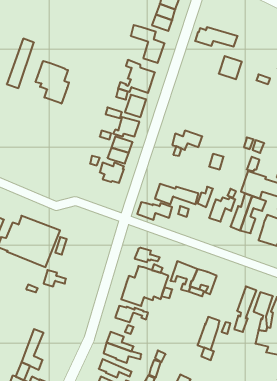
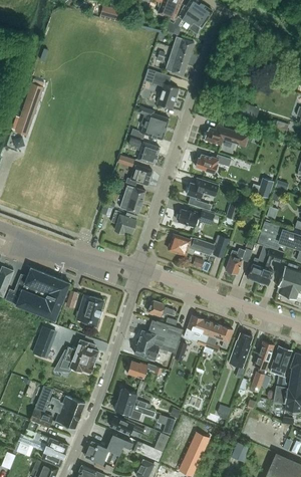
building: [195,27,238,47] -> [204,127,248,147]
building: [36,61,69,104] -> none
building: none -> [196,155,231,175]
building: [137,202,172,220] -> [178,210,214,228]
building: none -> [76,295,103,326]
building: none -> [61,339,98,374]
building: [197,317,220,350] -> [229,333,252,368]
building: none -> [50,396,85,430]

